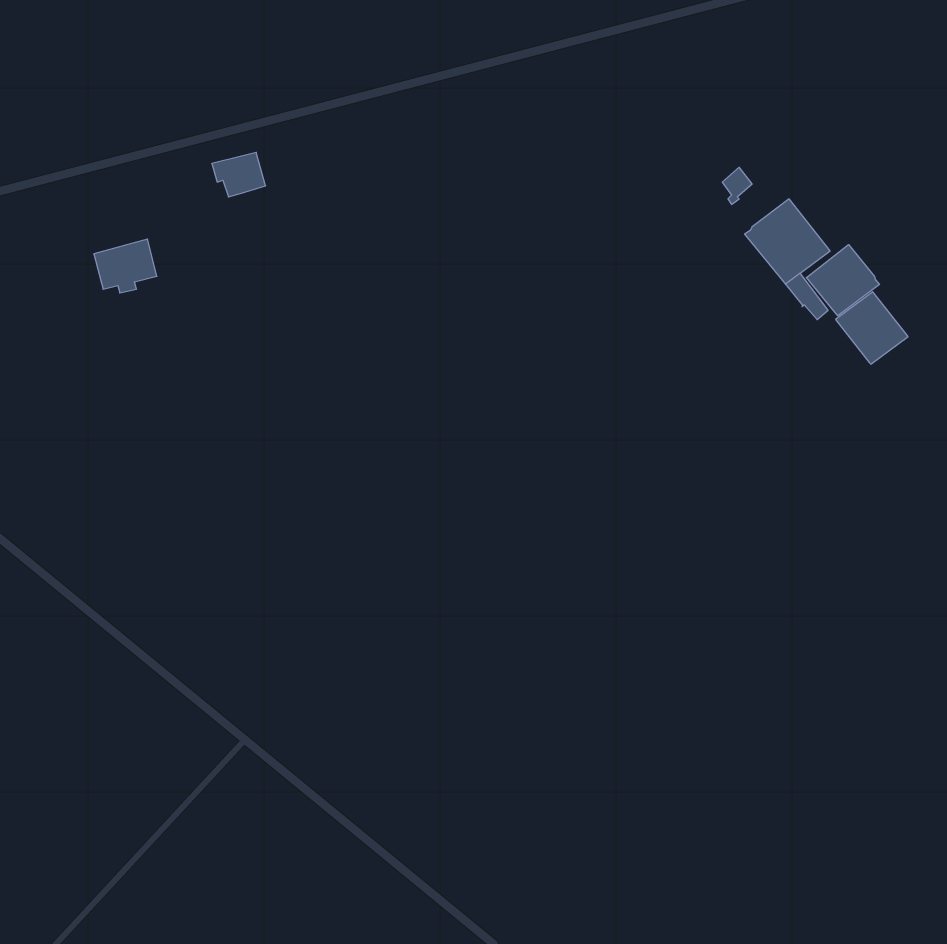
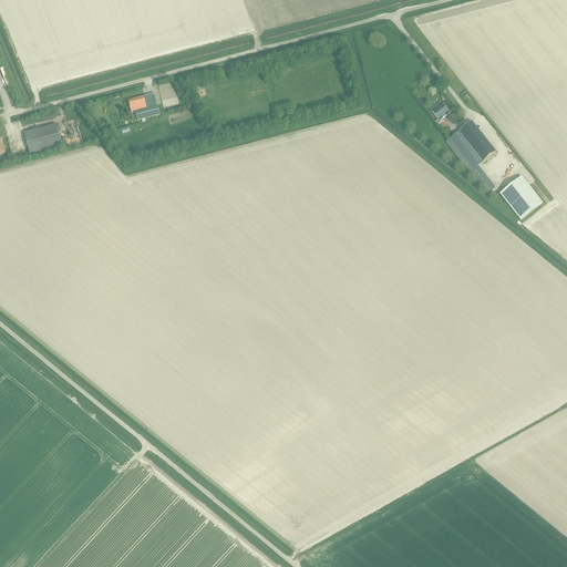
building: [94,239,157,293] -> [22,121,60,153]
building: [806,245,879,316] -> none

